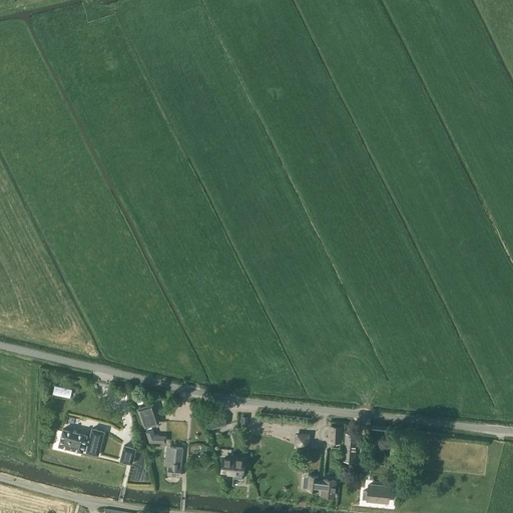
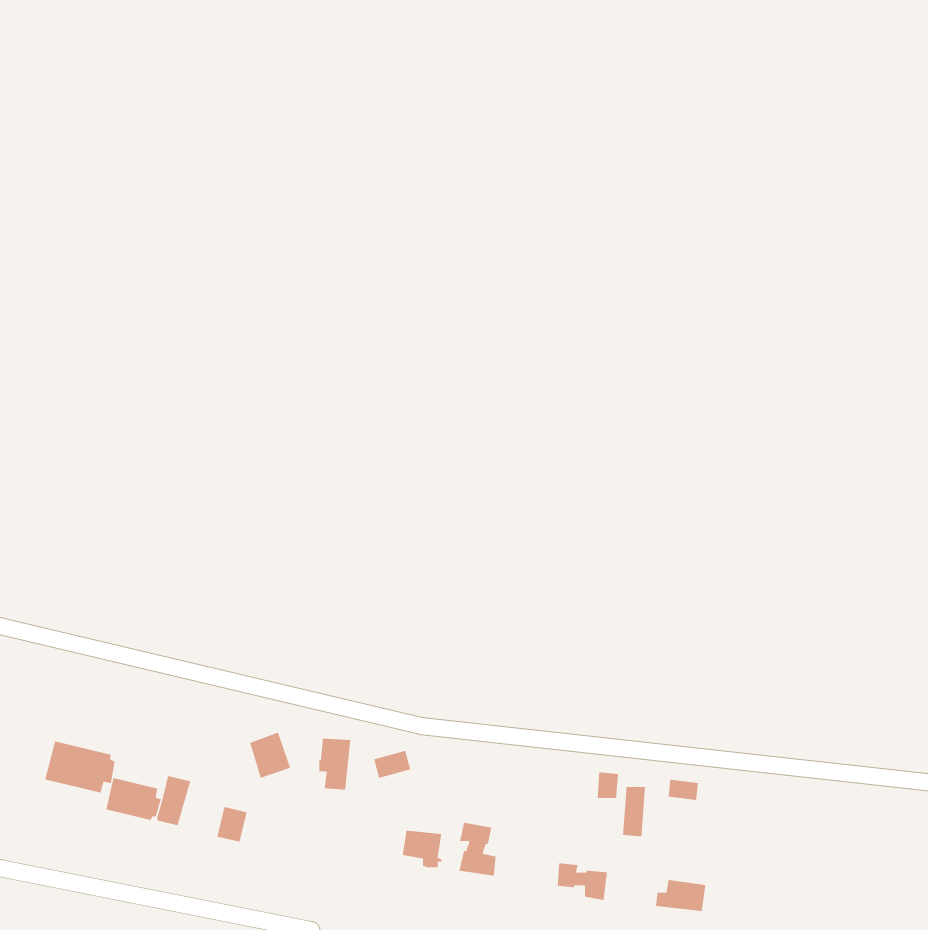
building: none -> [44,741,115,793]
building: [165,446,183,475] -> [318,738,351,791]
building: none -> [459,822,497,876]

